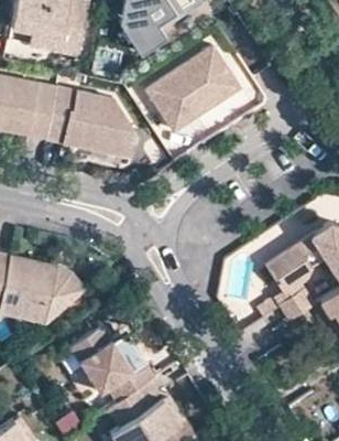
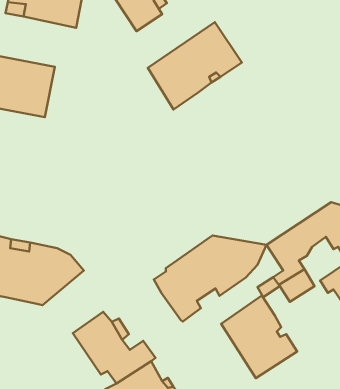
building: [47,88,138,153] -> none
building: none -> [154,235,266,322]
building: none -> [221,296,297,378]

